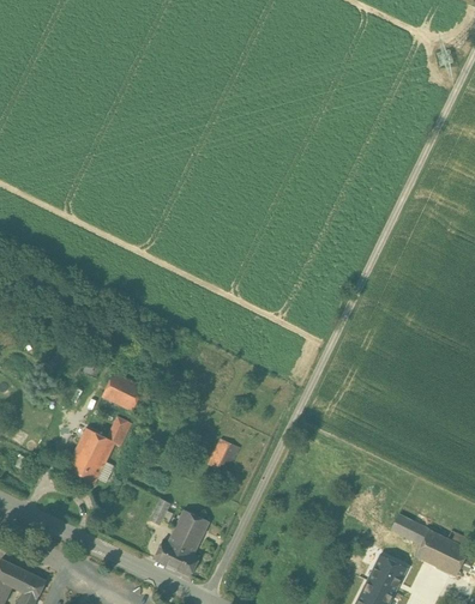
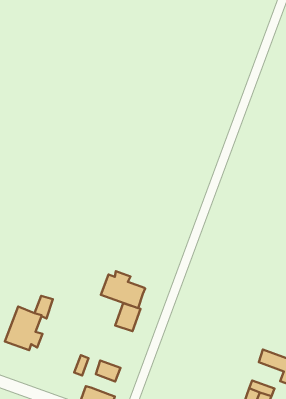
building: [101,372,143,411] -> none
building: none -> [101,271,145,308]
building: [168,525,200,554] -> none

